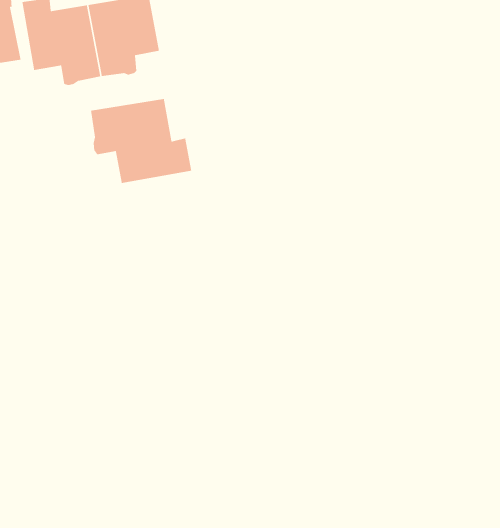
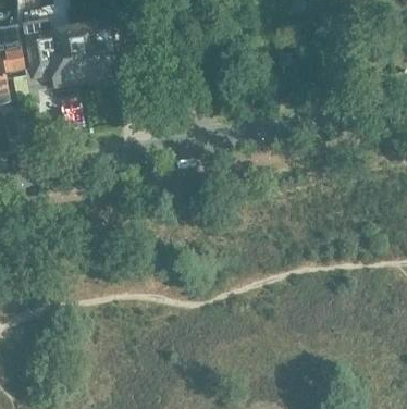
building: [90,98,192,184] -> none

